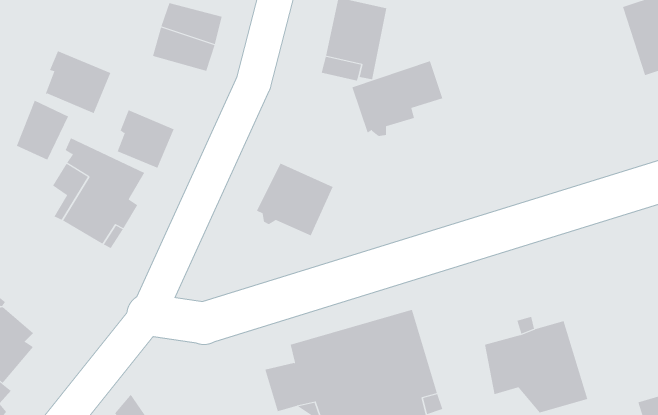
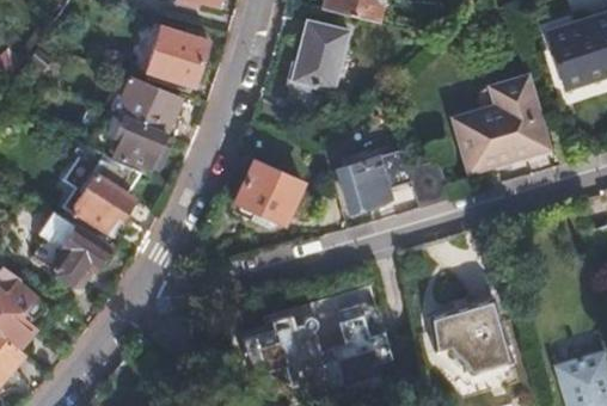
building: [45,50,111,114] -> [123,79,179,133]
building: [352,60,443,136] -> [335,148,412,213]
building: none -> [455,80,546,170]
building: [16,100,69,160] -> none
building: none -> [39,224,112,285]

